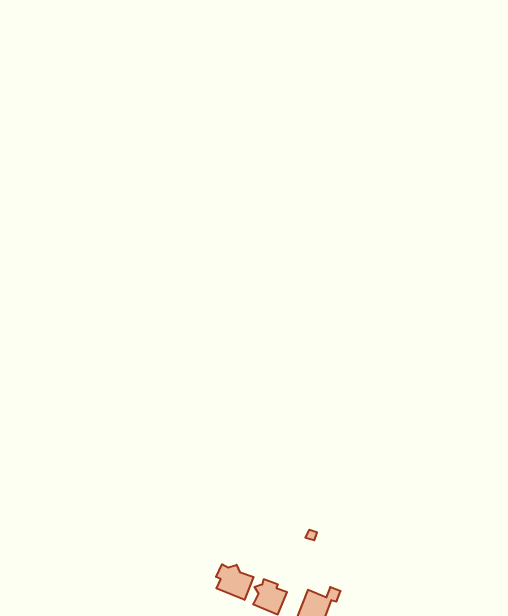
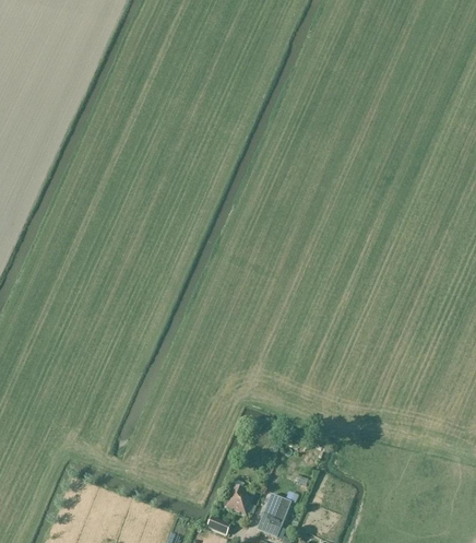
building: [216,564,254,600] -> none

